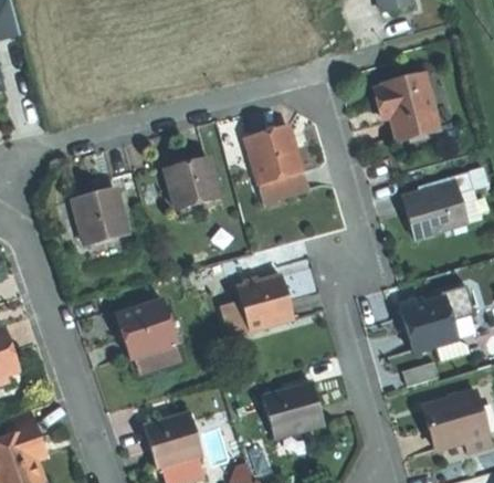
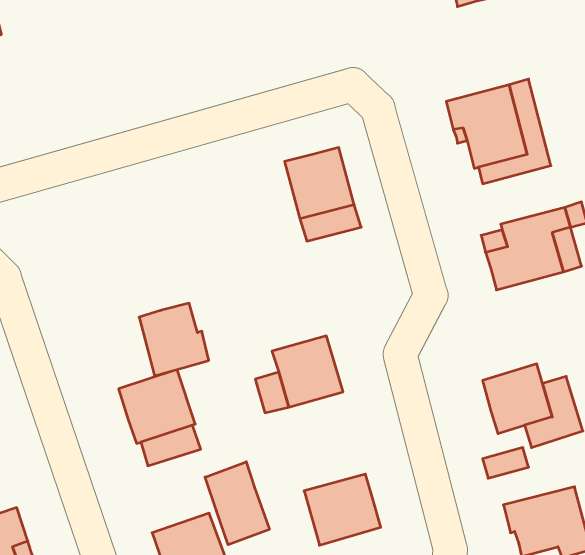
building: [165,155,220,208] -> none
building: [74,186,129,243] -> [139,303,209,376]
building: none -> [205,462,269,545]

